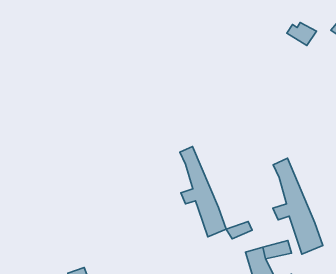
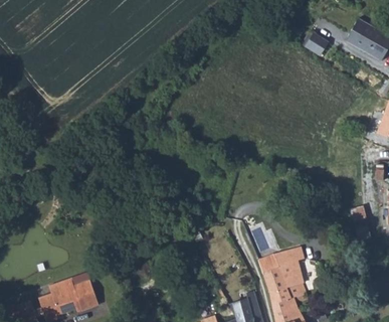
building: [180,146,226,237] -> none
building: [273,158,323,254] -> none

